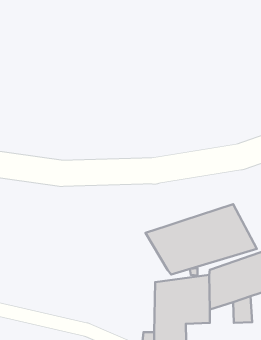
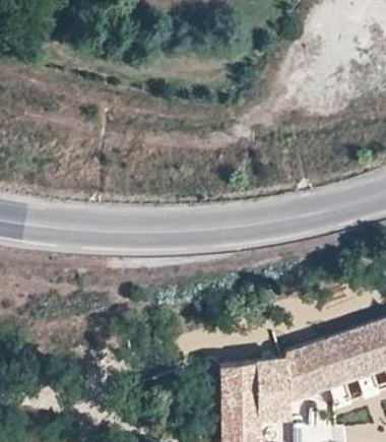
building: [146,204,257,275] -> none

